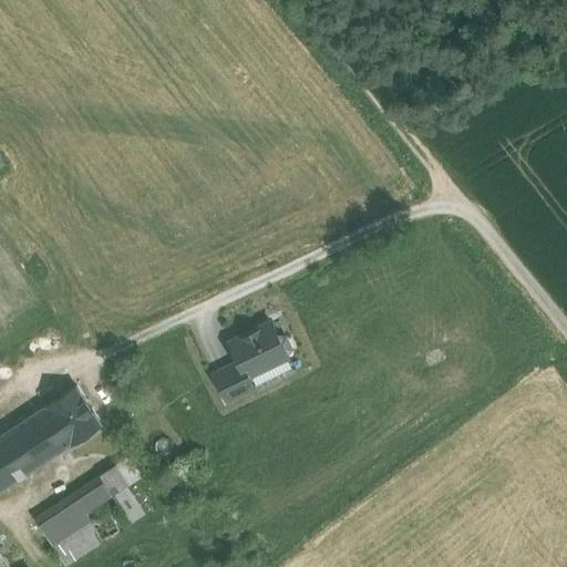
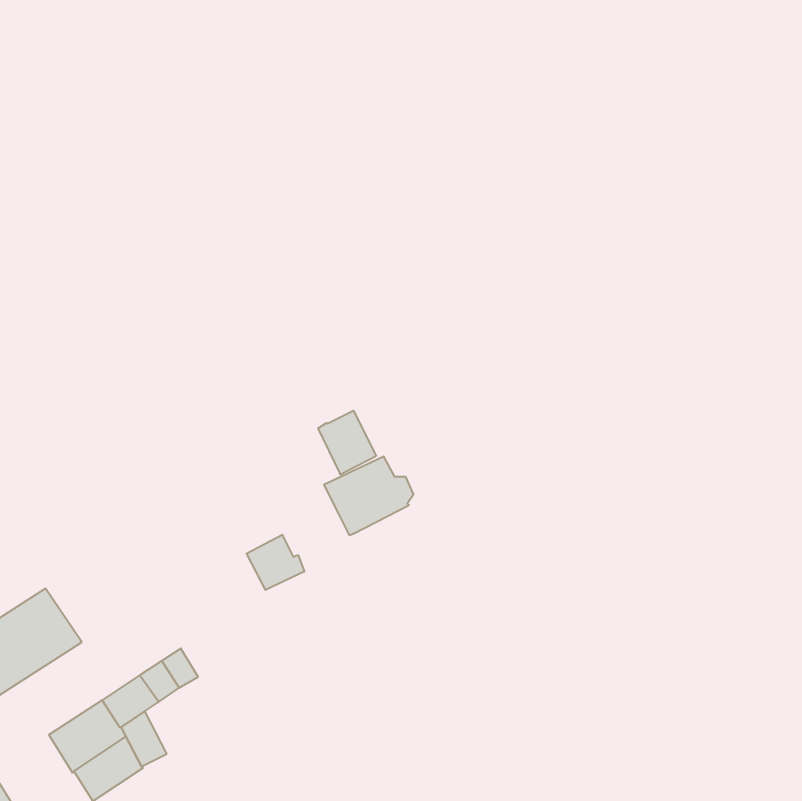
building: none -> [318,411,376,475]
building: [213,363,254,402] -> [246,535,305,590]
building: [32,388,101,454] -> none

